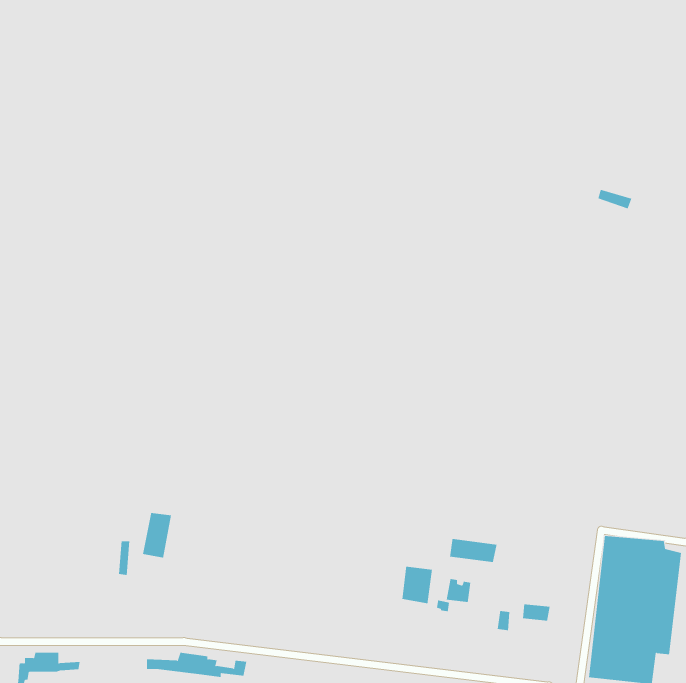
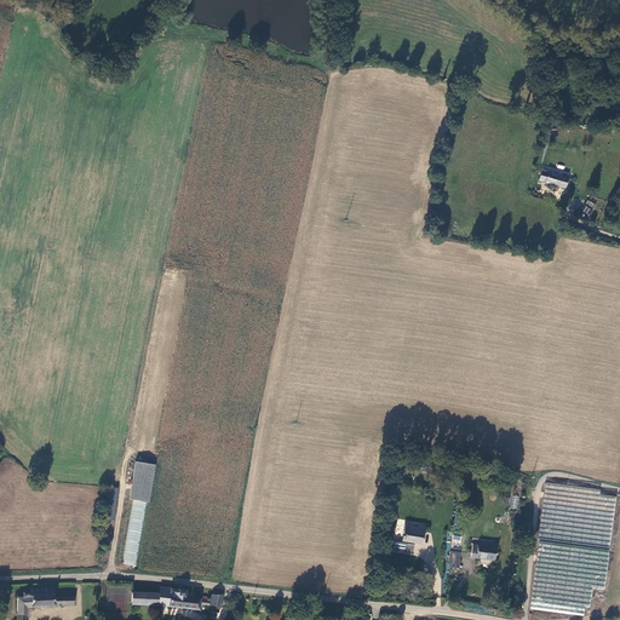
building: [450,538,497,563] -> none
building: [402,566,432,604] -> none

